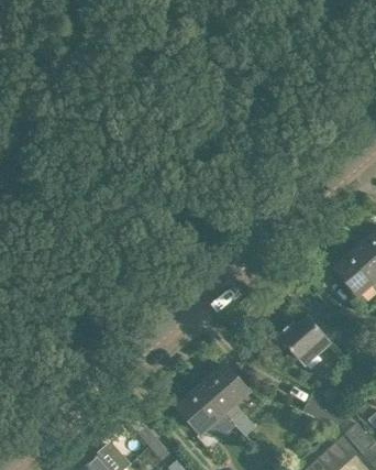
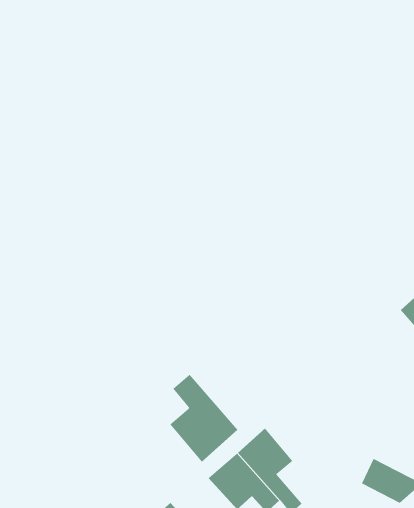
building: [274,317,331,369] -> none
building: none -> [169,374,238,462]

